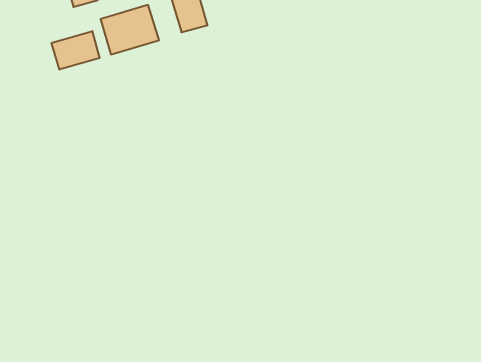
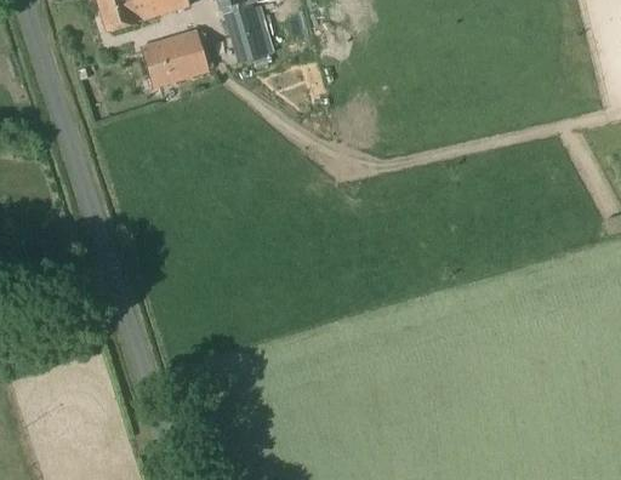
building: [52,31,100,70] -> none

